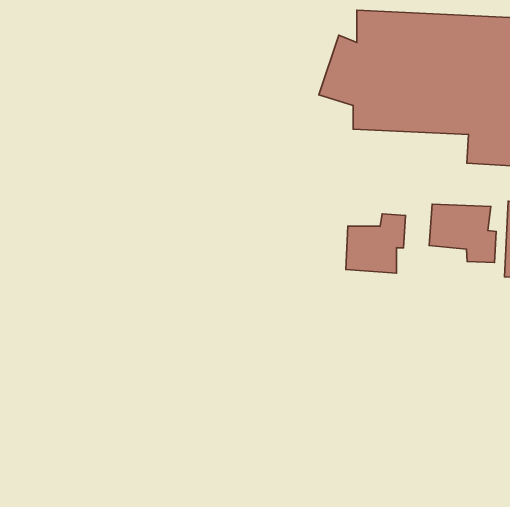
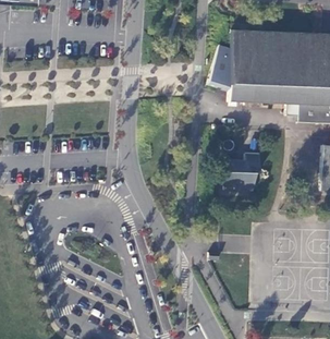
building: [429,204,496,262] -> none

